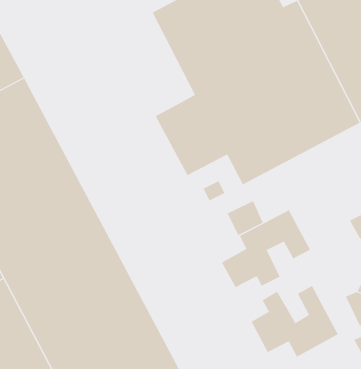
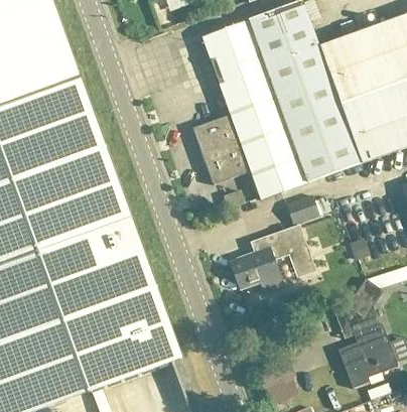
building: [227,200,264,236] -> [283,195,314,225]
building: [251,285,339,357] -> none

